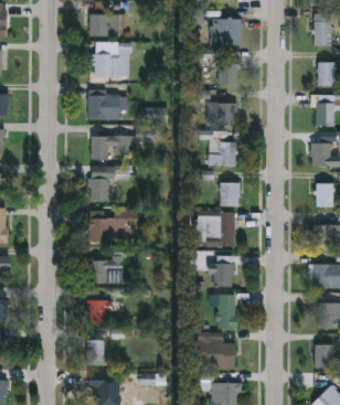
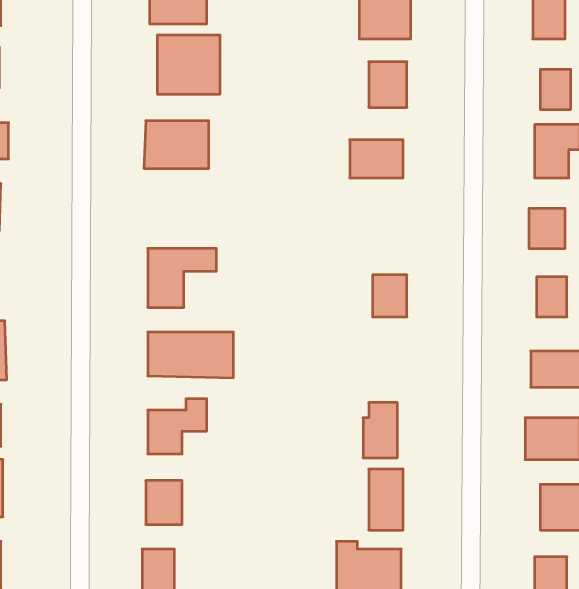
building: [91,128,155,159] -> none
building: [208,141,237,166] -> none
building: [205,213,235,247] -> none

